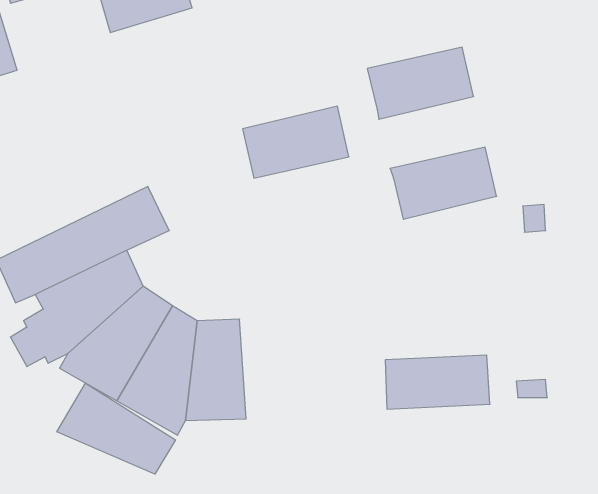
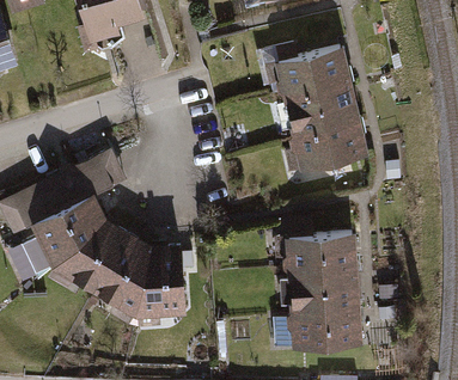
building: [243,106,349,178] -> [280,79,358,131]
building: none -> [282,232,359,271]
building: [57,383,176,474] -> none
building: none -> [279,304,362,344]

